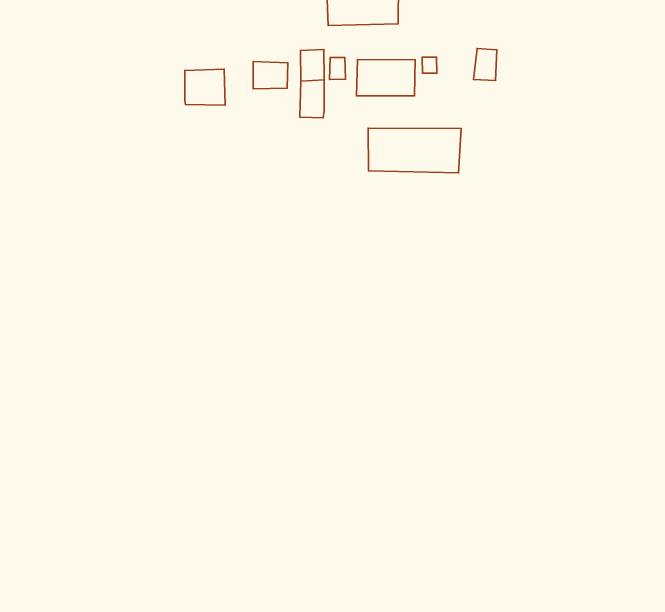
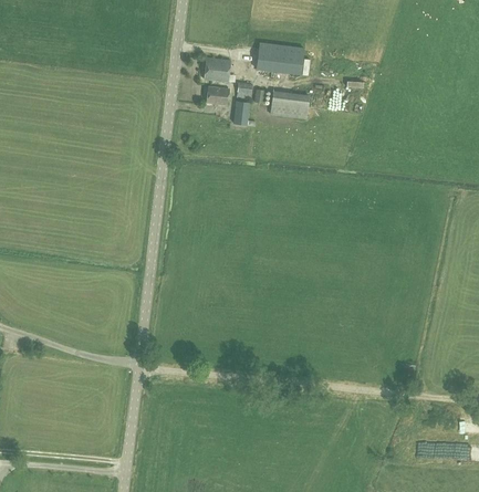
building: [185,69,225,105] -> [204,59,230,83]
building: [368,128,461,173] -> none

